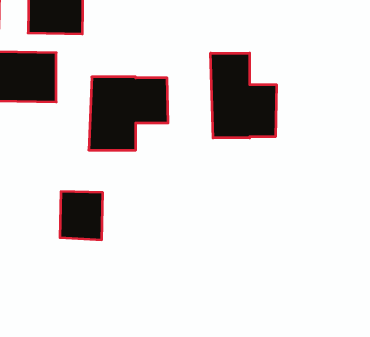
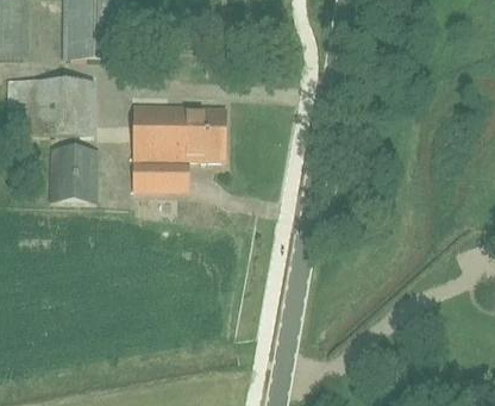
building: [211,53,276,138] -> none
building: [60,192,103,240] -> [49,146,98,201]

